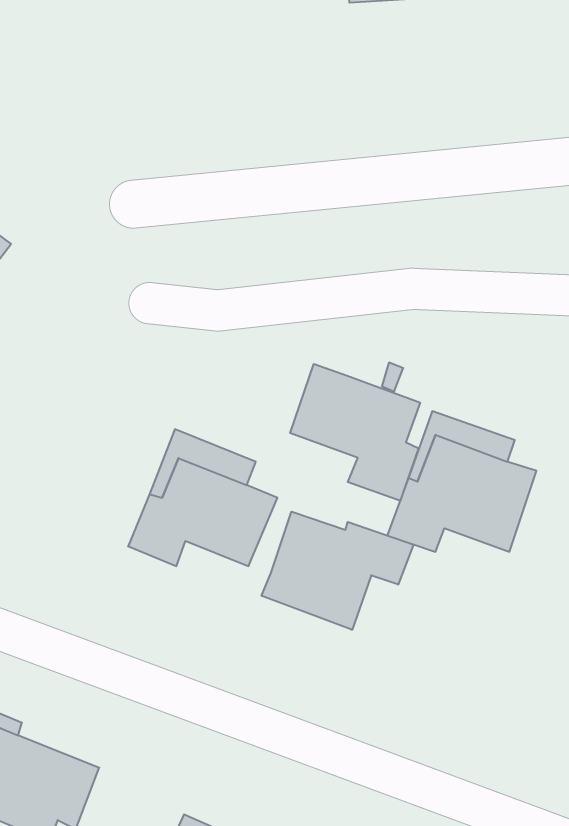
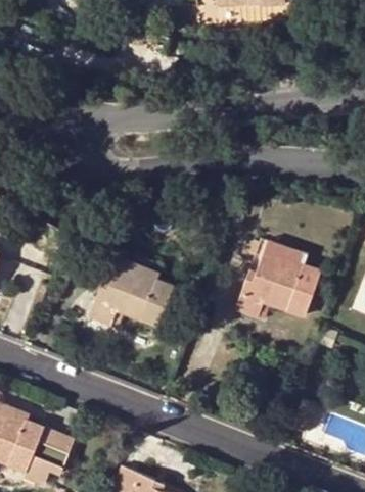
building: [290,364,420,501] -> none
building: [262,512,414,630] -> none

